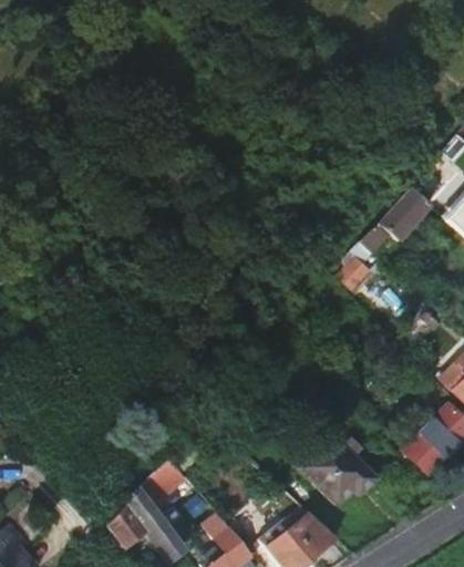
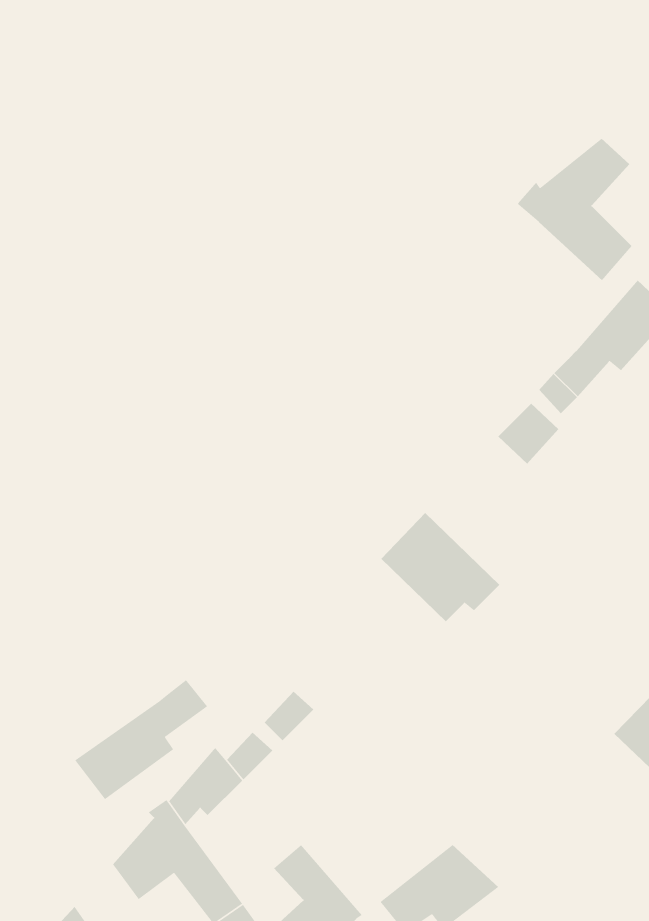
building: none -> [517,138,633,281]
building: none -> [74,679,208,800]
building: [296,427,367,493] -> [380,512,500,622]

